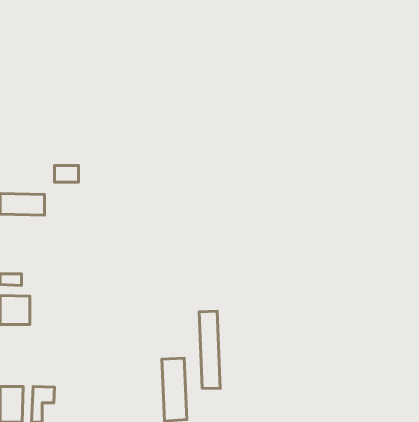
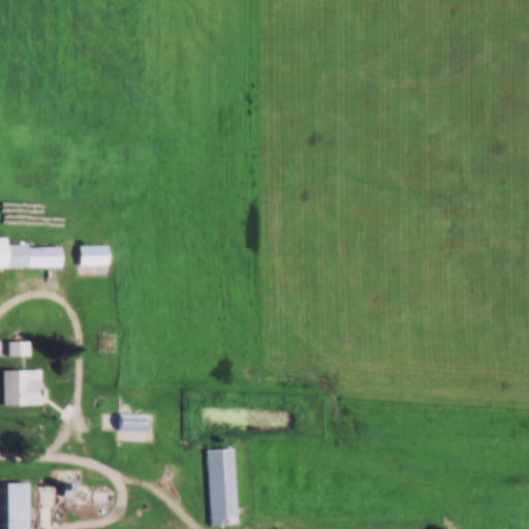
building: [55,166,79,182] -> [79,246,108,267]
building: [199,311,220,388] -> none
building: none -> [117,414,146,430]

